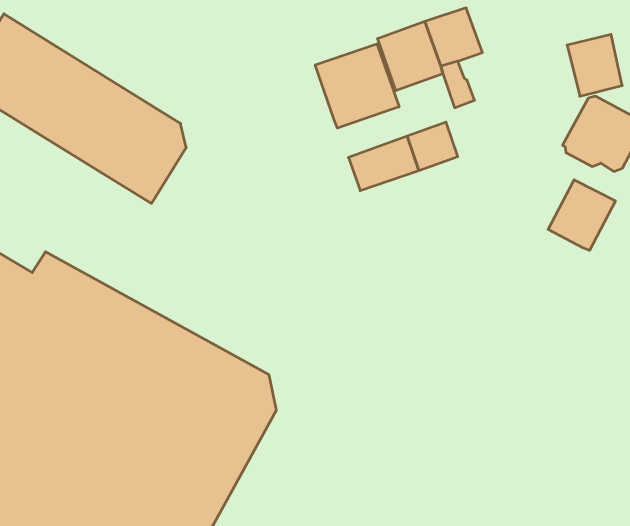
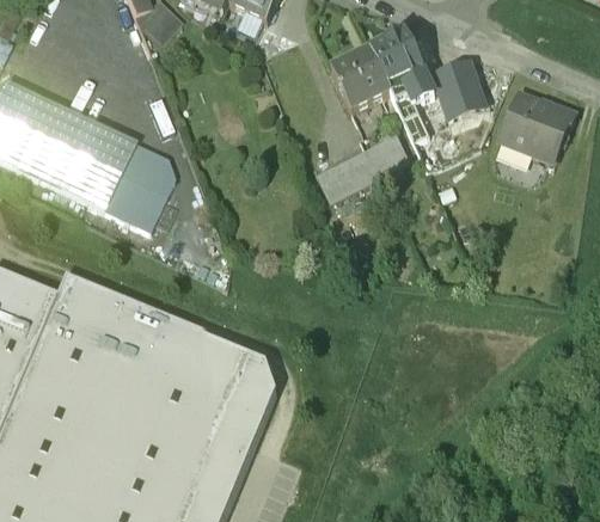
building: [567,34,622,96] -> [433,59,484,115]
building: [315,44,399,128] -> none
building: [548,180,615,250] -> none

